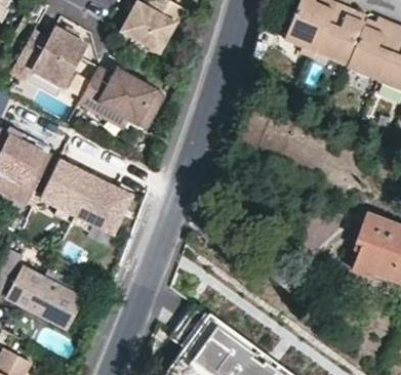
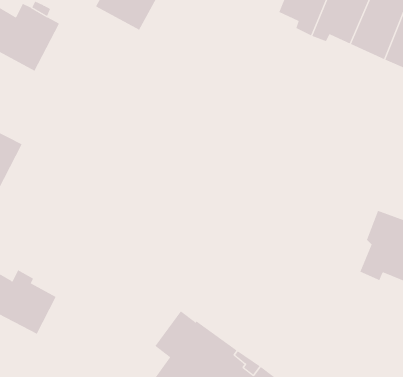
building: [76,67,164,130] -> none
building: [40,160,129,231] -> none

